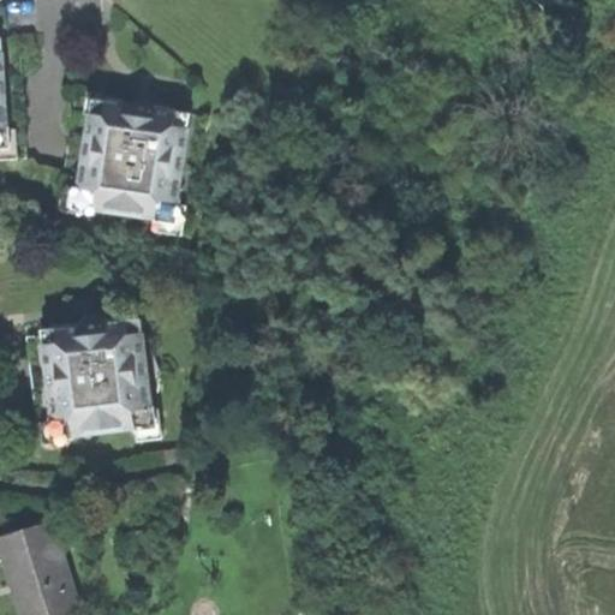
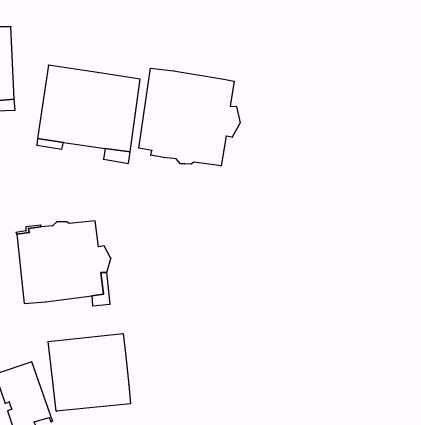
building: none -> [139,68,240,166]
building: none -> [48,334,130,411]

